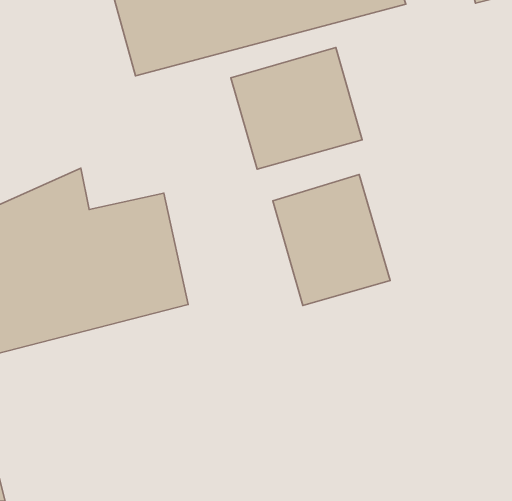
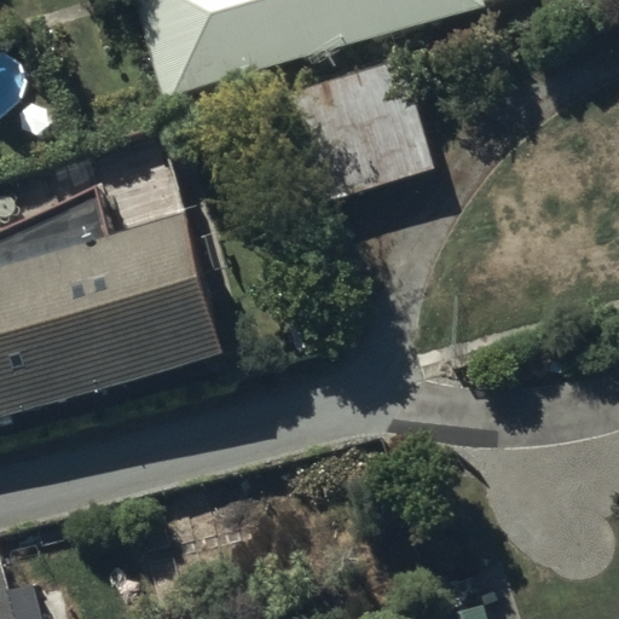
building: [273,175,390,306] -> none

